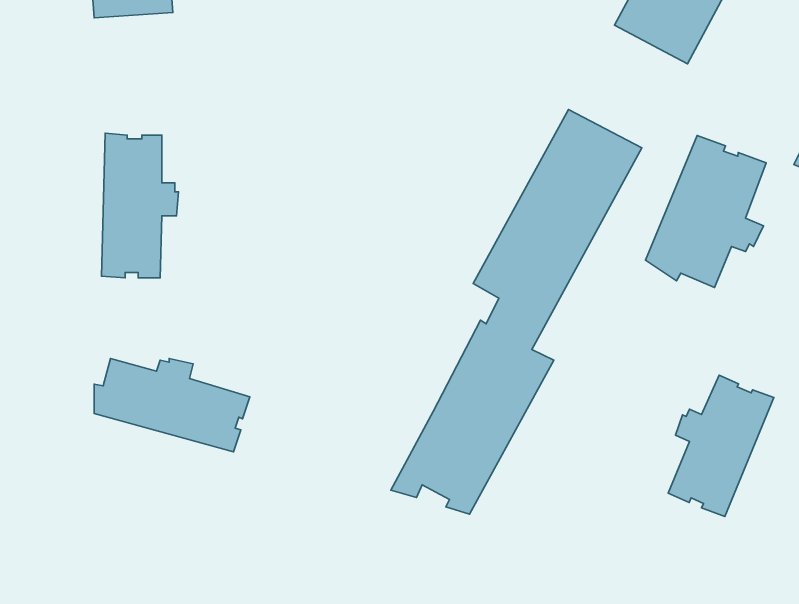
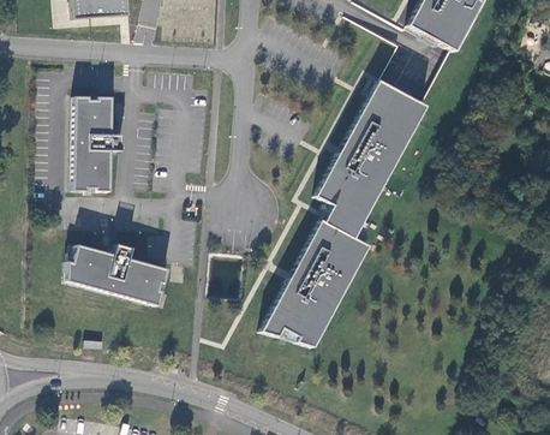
building: [646,136,766,288] -> none
building: [668,375,774,516] -> none

